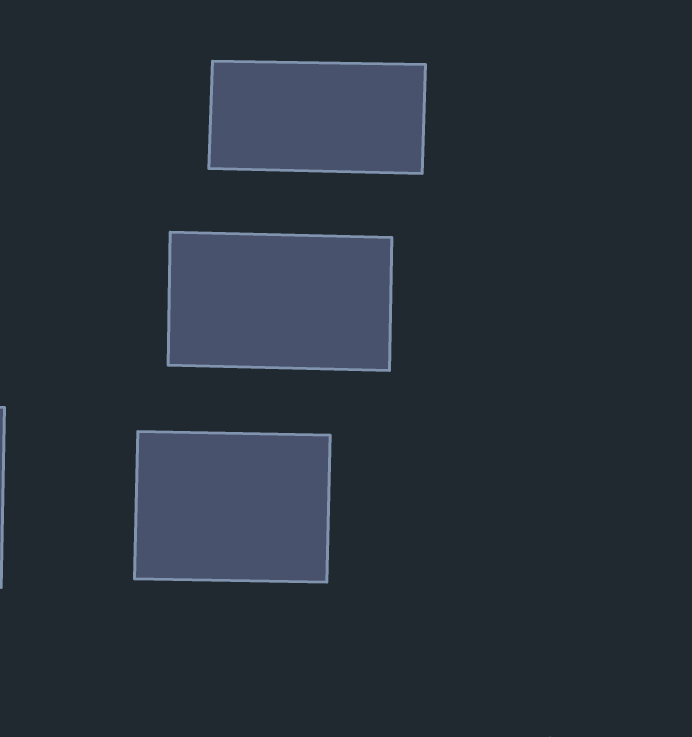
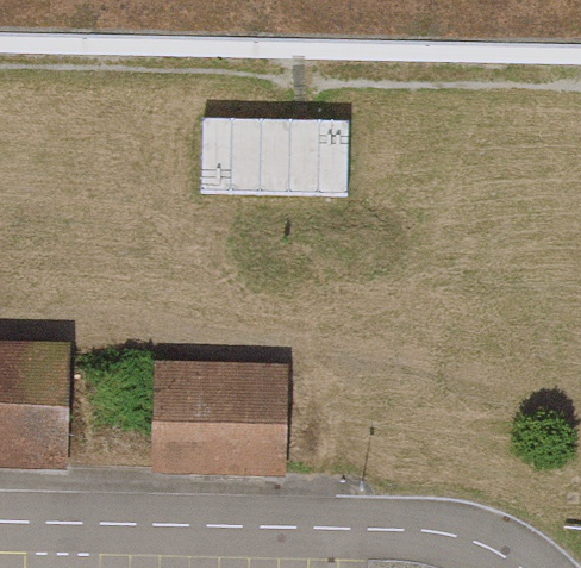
building: [168,232,392,371] -> none

